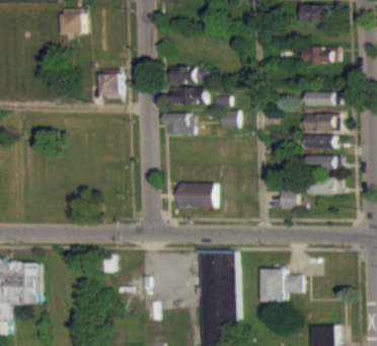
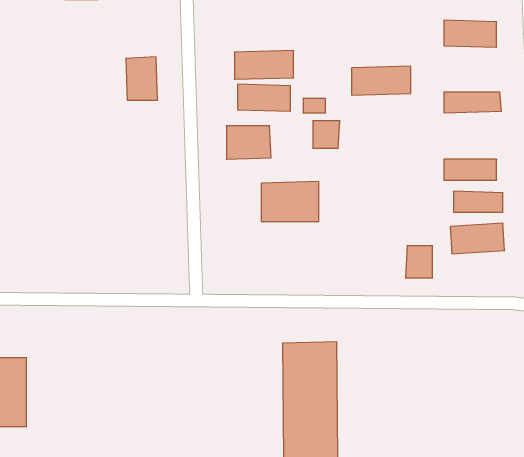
building: [302,114,340,132] -> [352,66,411,95]
building: [177,183,214,208] -> [261,182,319,222]
building: [260,269,300,302] -> none

